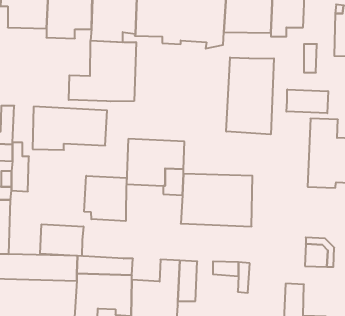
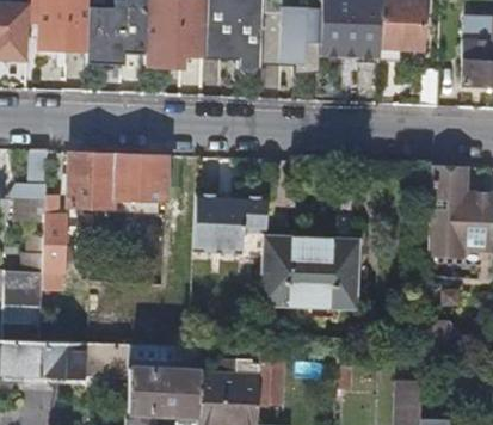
building: [69,40,136,101] -> none
building: [226,57,274,134] -> none
building: [286,89,328,113] -> none
building: [84,176,127,221] -> none
building: [40,224,83,256] -> none

